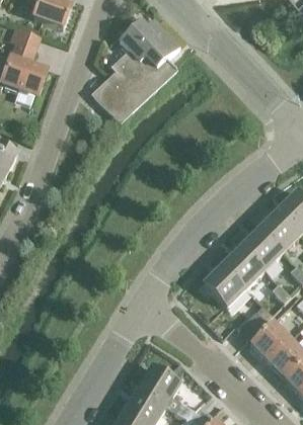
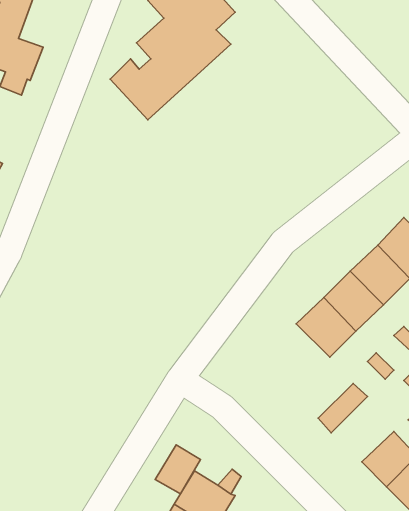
building: [203,263,245,306] -> none
building: [250,320,290,359] -> none
building: none -> [155,445,200,494]

